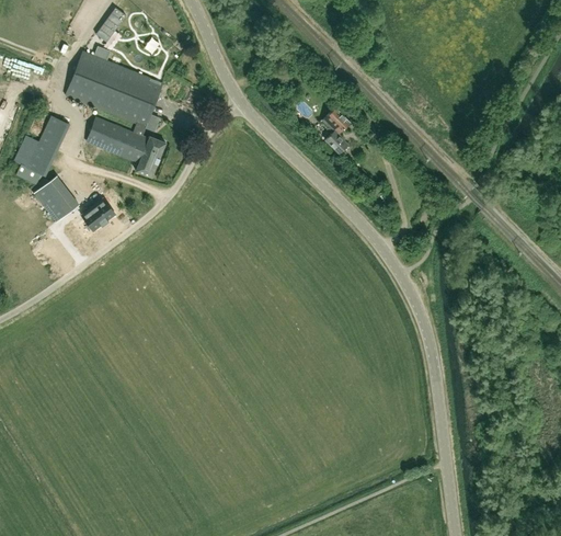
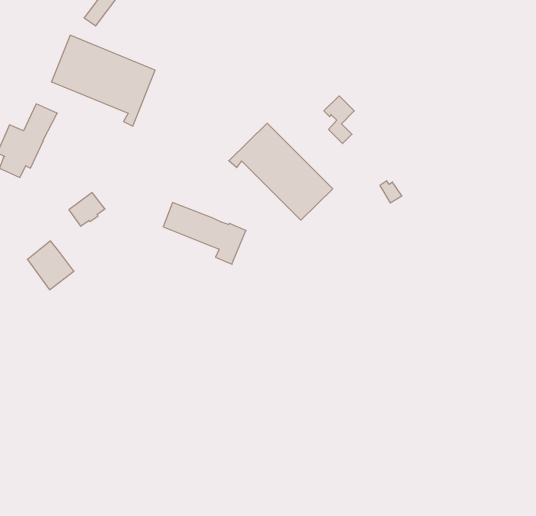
building: [87,117,164,175] -> [163,203,246,264]
building: none -> [229,123,333,220]
building: [34,175,78,221] -> [27,241,74,290]

